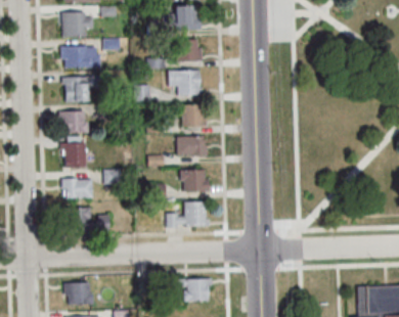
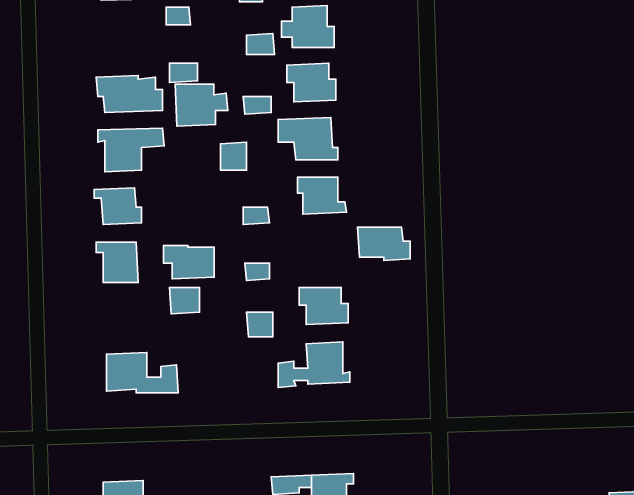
building: [61,12,92,37] -> [175,84,228,126]
building: [176,137,207,156] -> [358,227,410,261]
building: [61,179,91,198] -> [163,246,214,279]

